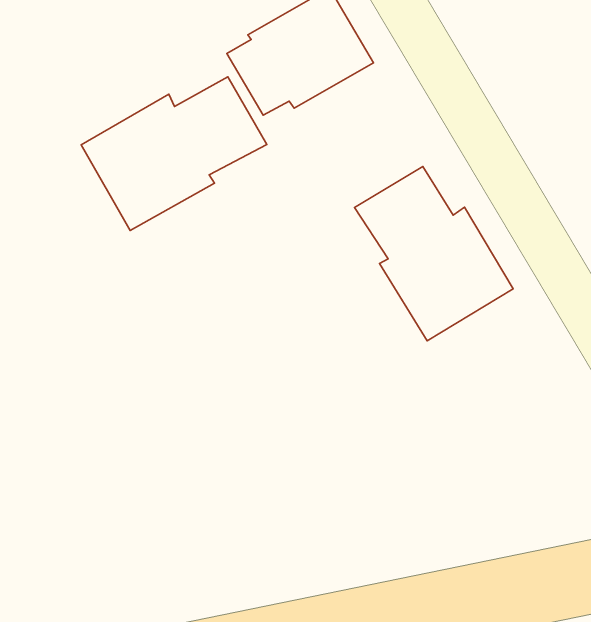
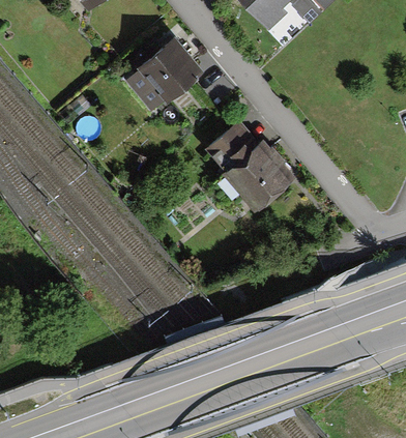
building: [81,77,267,230] -> none

